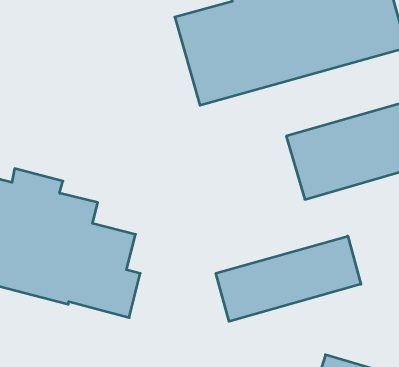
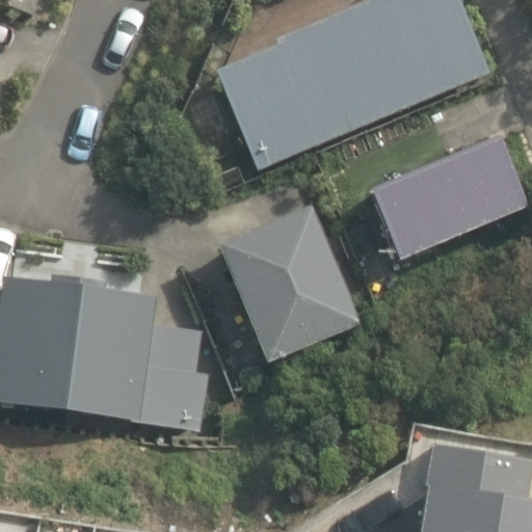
building: none -> [212,205,357,364]
building: [216,236,361,321] -> none

